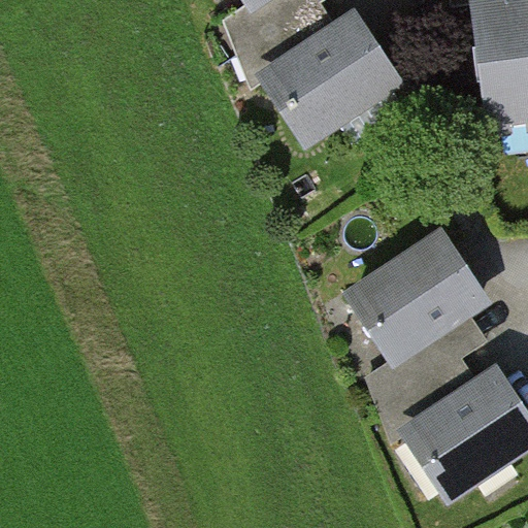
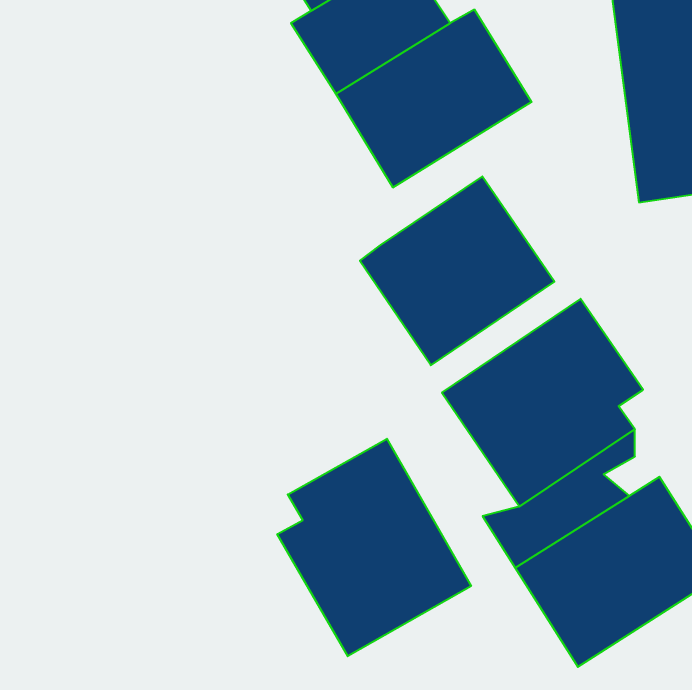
building: none -> [360,176,554,365]
building: none -> [277,439,471,656]

